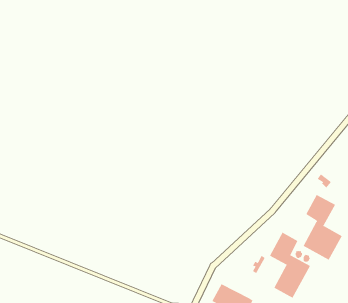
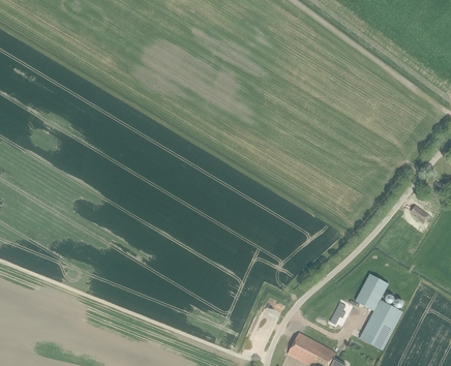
building: [303,194,342,261] -> none

